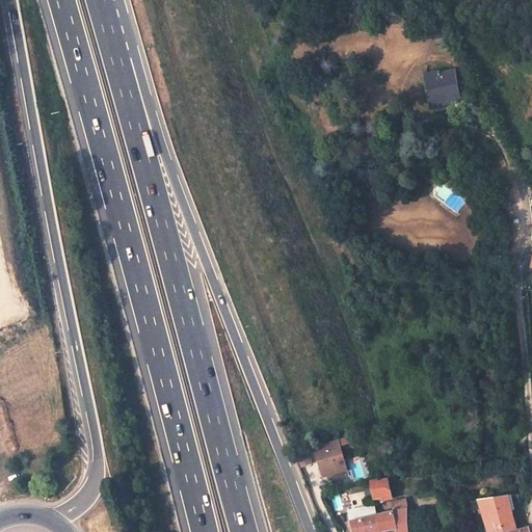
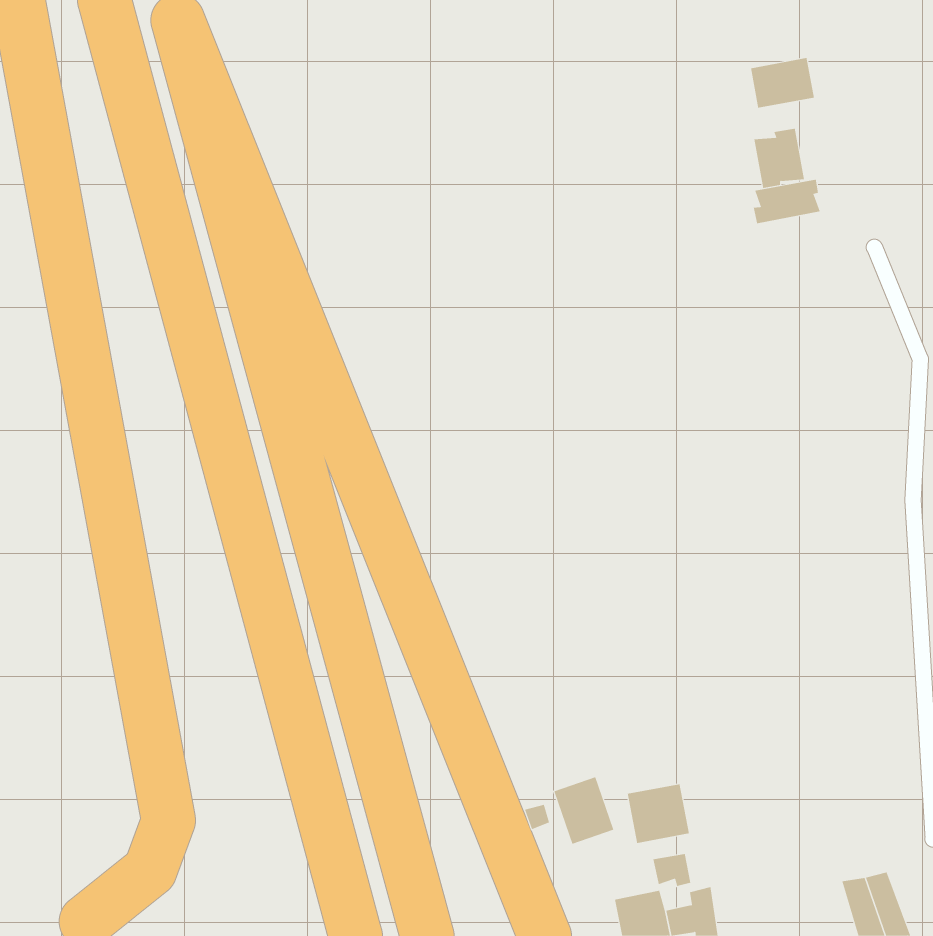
building: none -> [750,57,814,109]
building: none -> [753,179,820,224]
building: none -> [627,783,689,844]

